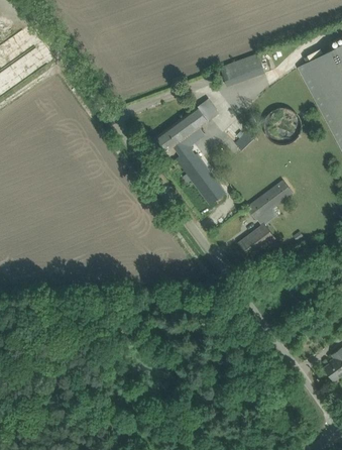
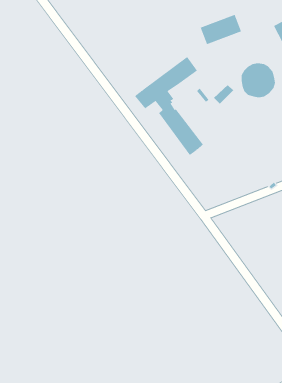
building: [238,181,294,257] -> none

